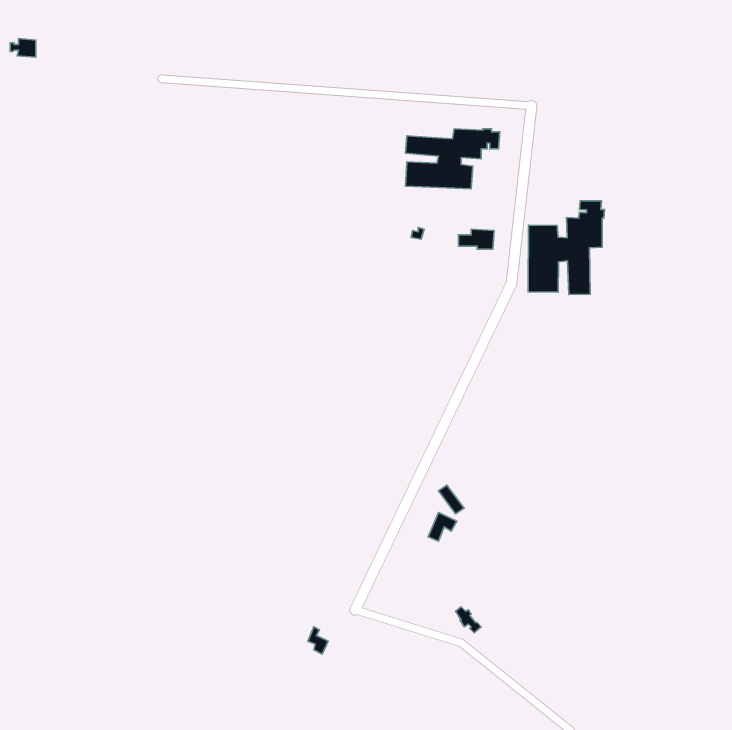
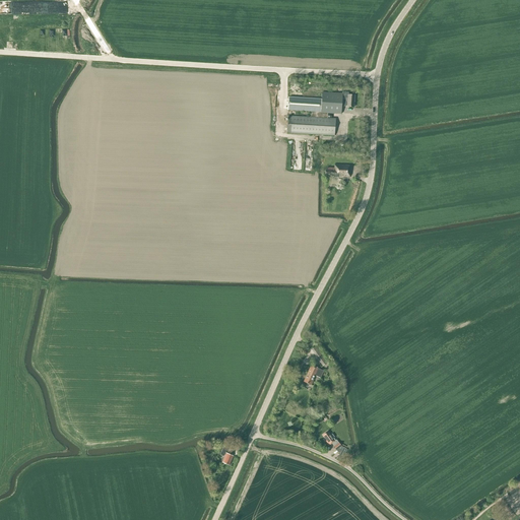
building: [528,201,604,294] -> none

